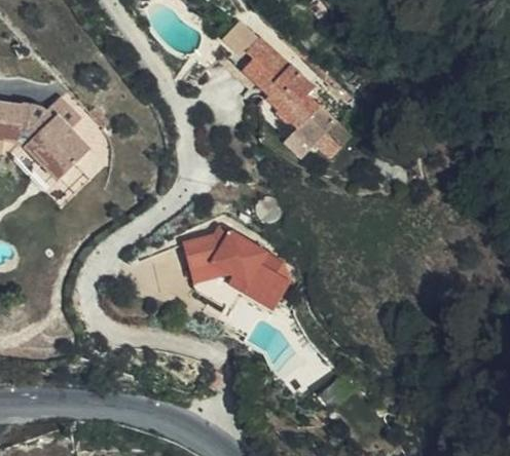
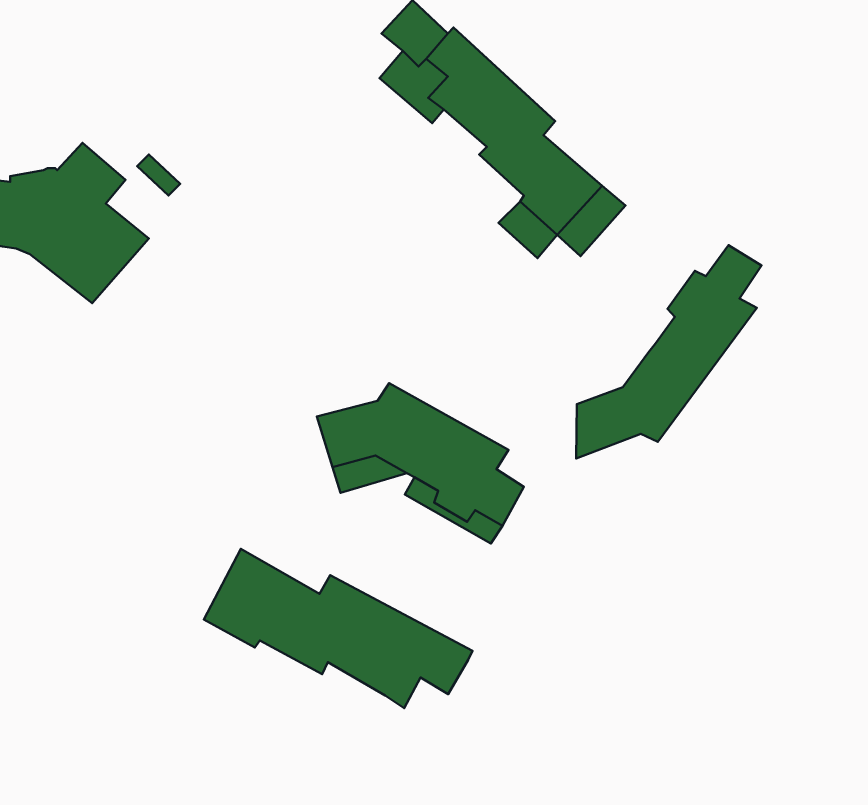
building: none -> [576,245,761,459]
building: none -> [204,549,472,708]

